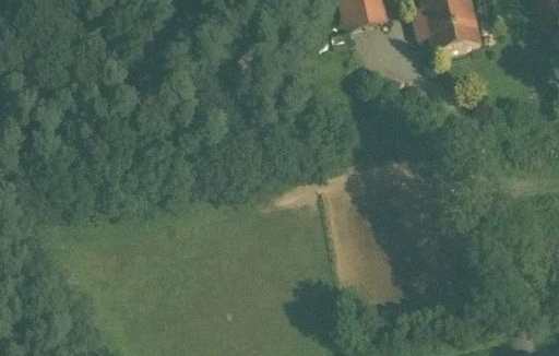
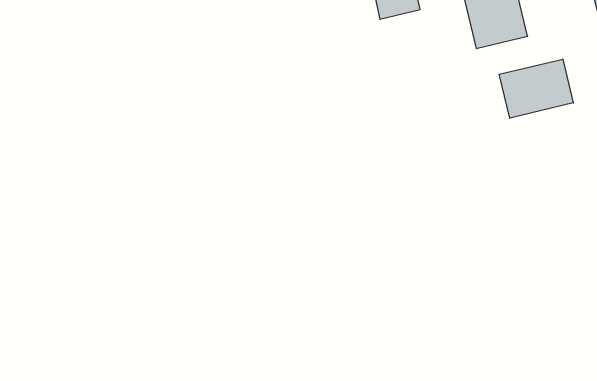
building: none -> [499,59,573,118]

